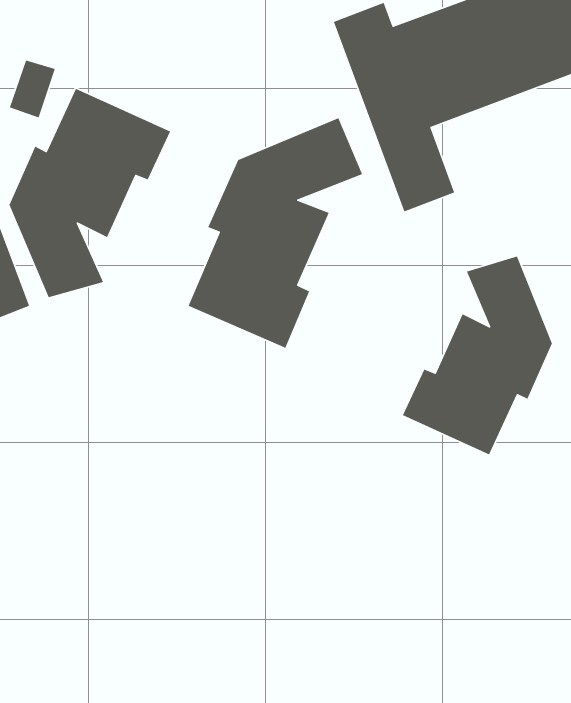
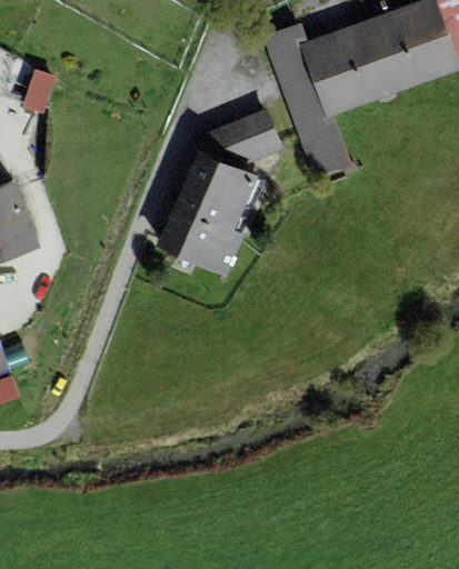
building: [9,88,171,298] -> none
building: [402,255,553,455] -> none

